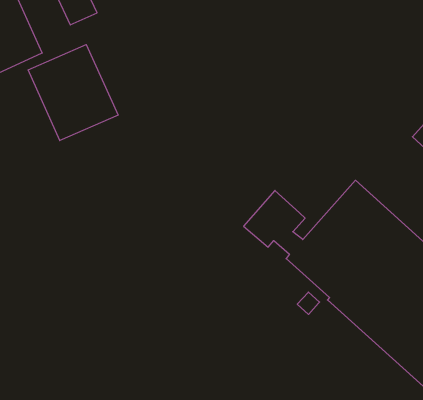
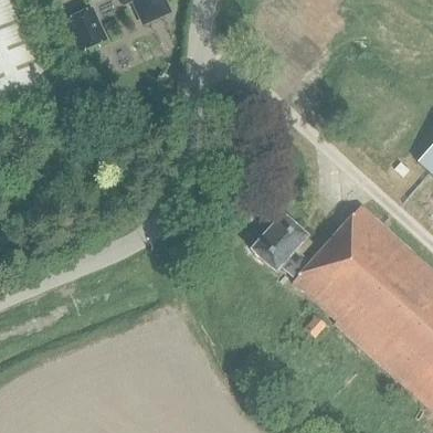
building: [28,45,118,141] -> none

